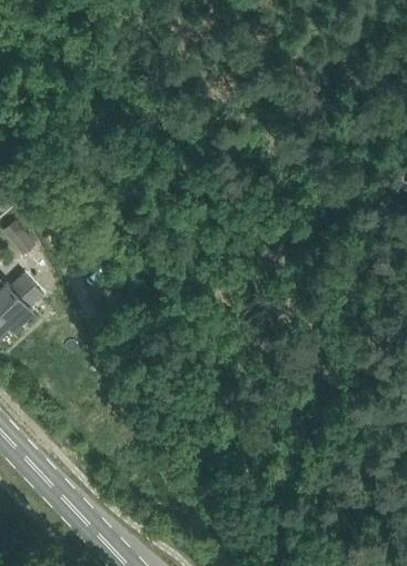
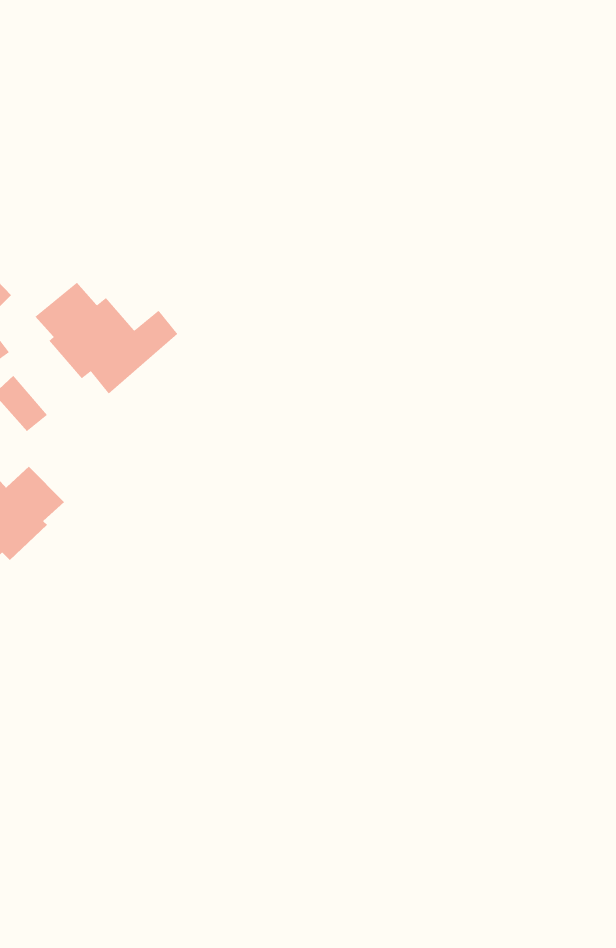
building: none -> [35,282,178,394]

